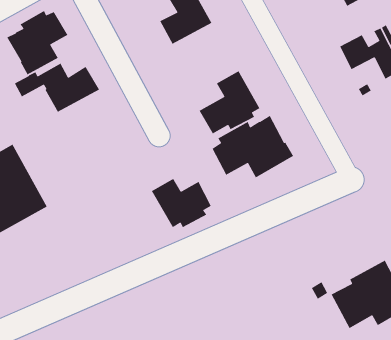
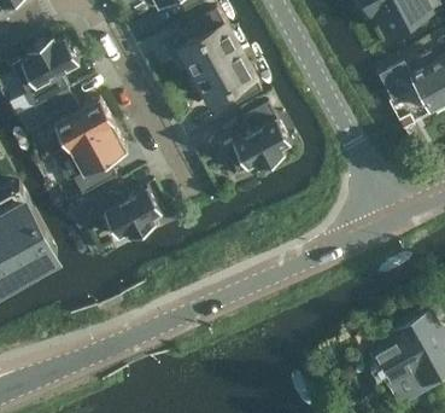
building: none -> [194,54,262,109]
building: none -> [68,128,128,199]
building: [212,115,294,179] -> none
building: [151,178,212,228] -> [94,186,162,242]

